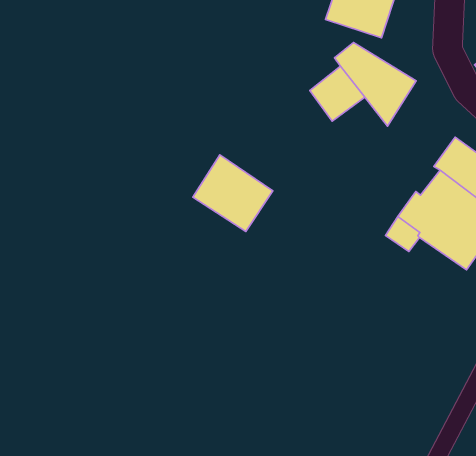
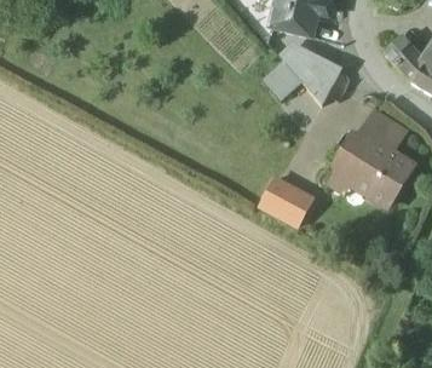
building: [193,155,273,232] -> [258,171,317,226]

